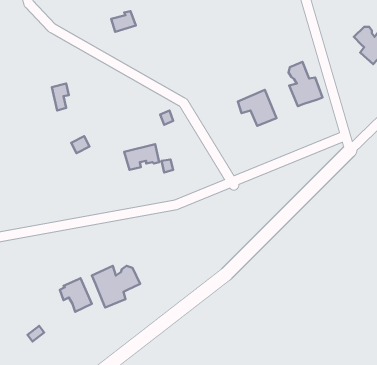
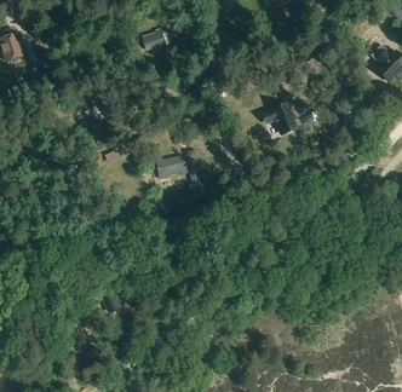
building: [288,62,322,106] -> none
building: [92,266,140,307] -> none

